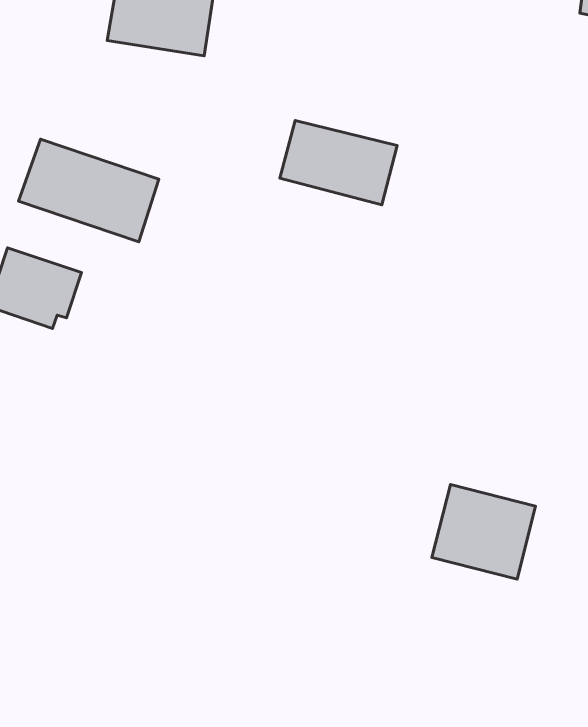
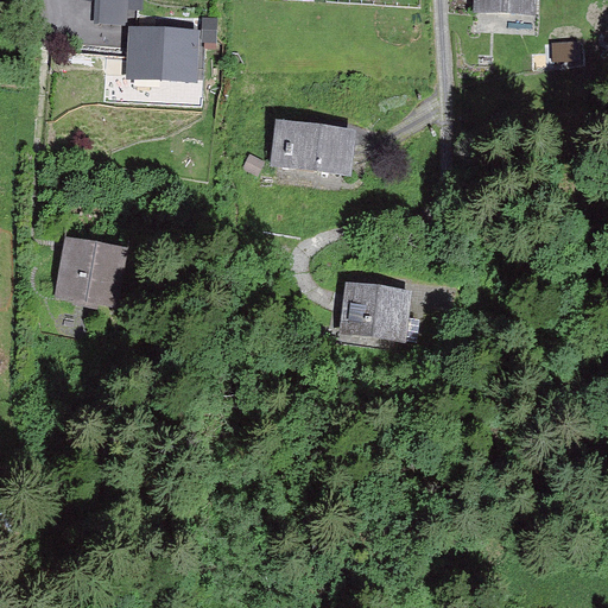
building: [19,139,159,242] -> none
building: [432,485,536,579] -> [338,281,412,347]

